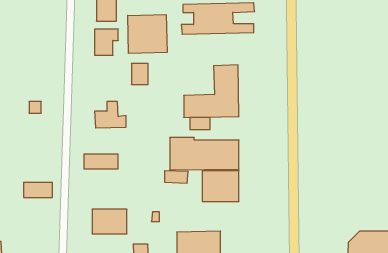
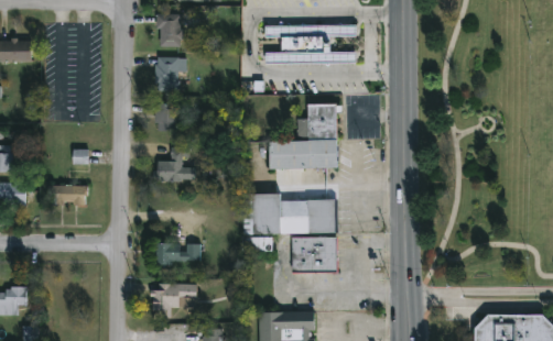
building: [128,15,167,53] -> none
building: [131,63,148,84] -> [155,105,176,131]
building: [84,154,118,169] -> [158,245,200,264]
building: [24,182,52,197] -> [50,186,86,205]

